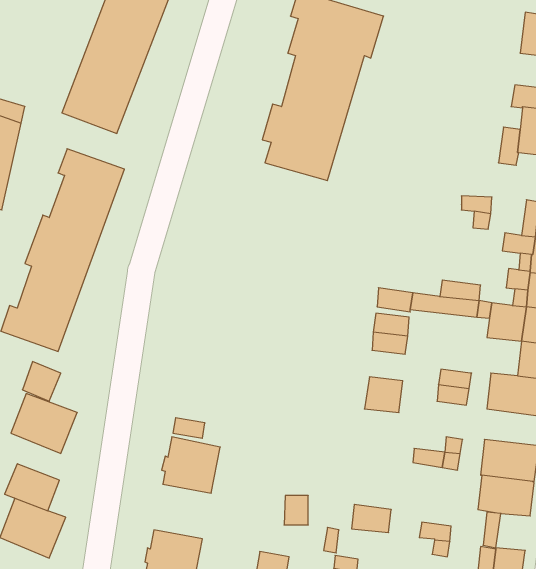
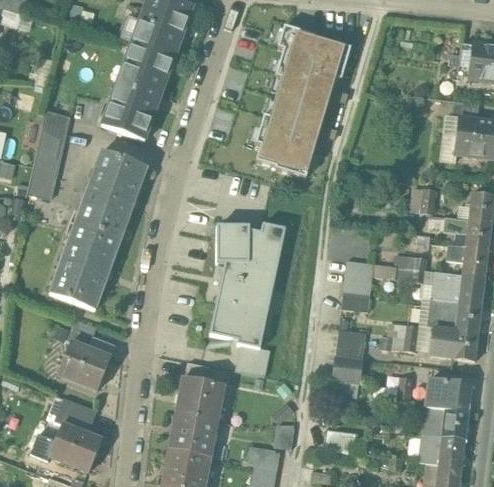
building: none -> [209,224,285,349]
building: none -> [428,299,458,329]
building: none -> [332,355,362,384]
building: none -> [170,414,215,457]
building: none -> [438,437,465,466]
building: none -> [247,447,279,471]

